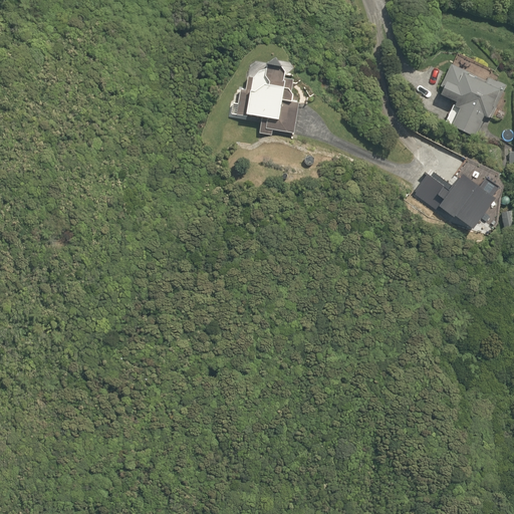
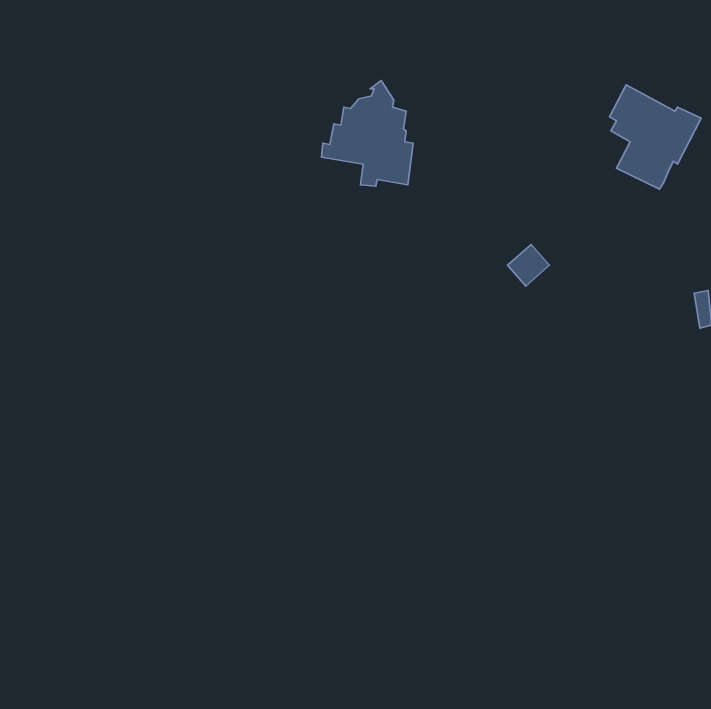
building: [416,173,446,203] -> [508,244,549,286]
building: [448,181,485,217] -> none

